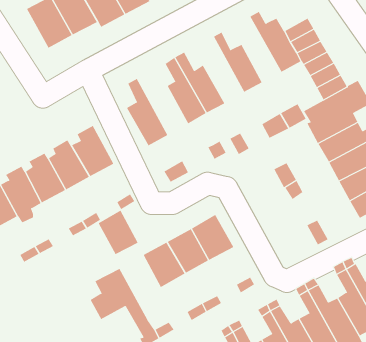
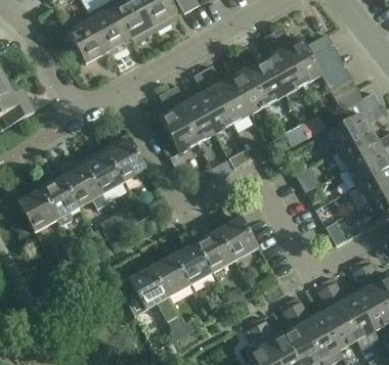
building: none -> [263,33,302,94]
building: none -> [228,51,267,113]
building: none -> [168,85,215,143]
building: [98,210,138,255] -> [152,255,189,296]

